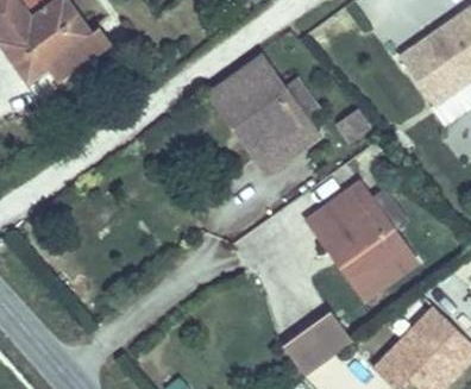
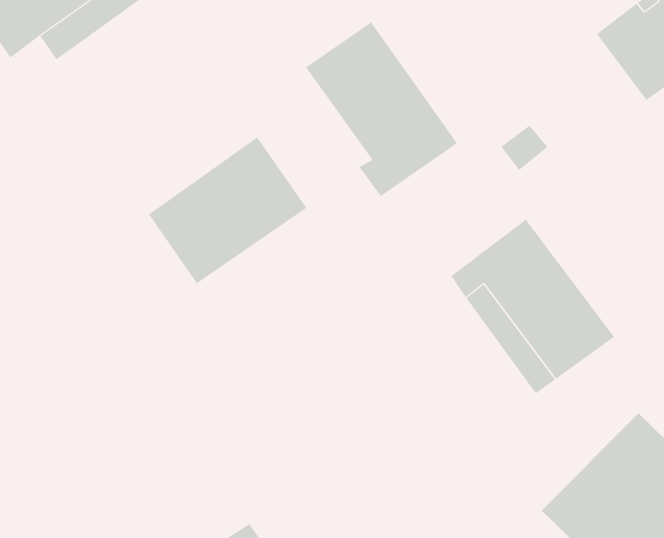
building: none -> [148,136,307,284]
building: [284,305,354,371] -> none

